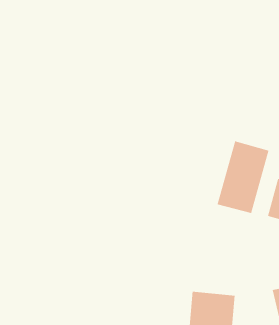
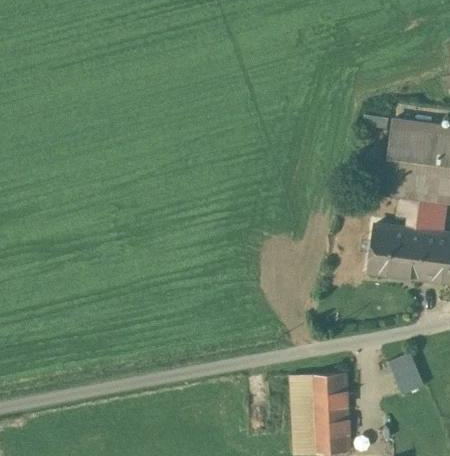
building: [217,140,269,214] -> none

